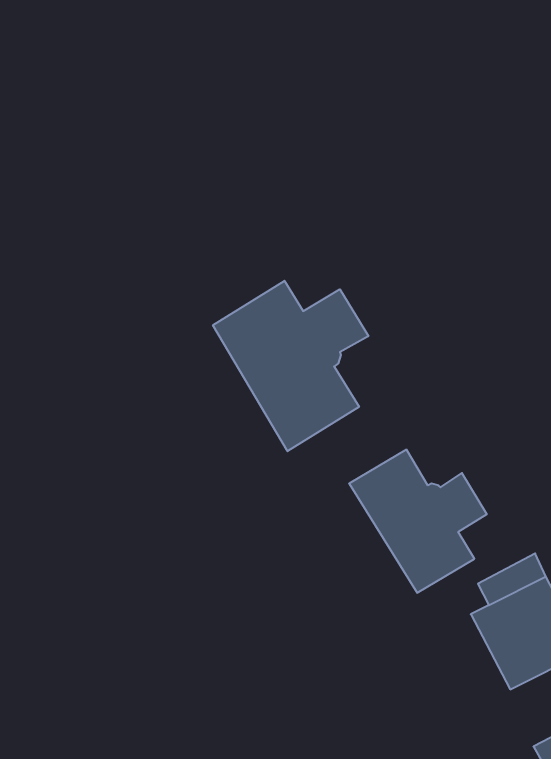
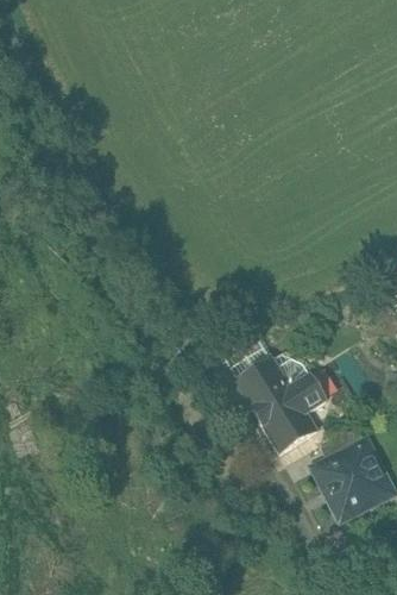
building: [213,281,368,451] -> none

